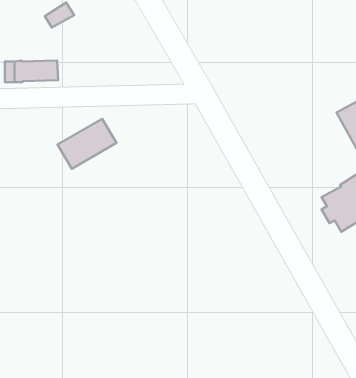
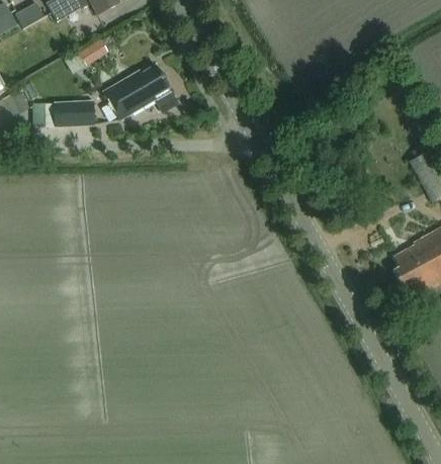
building: [57,119,116,169] -> [104,63,171,119]

